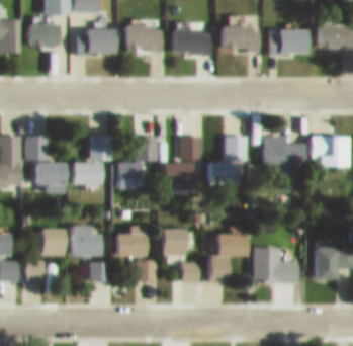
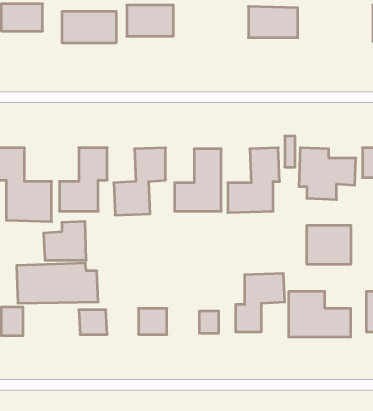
building: [173,28,209,54] -> none
building: [268,29,310,54] -> none
building: none -> [307,225,351,264]
building: [114,226,148,256] -> [44,221,86,260]
building: [163,229,188,256] -> none

